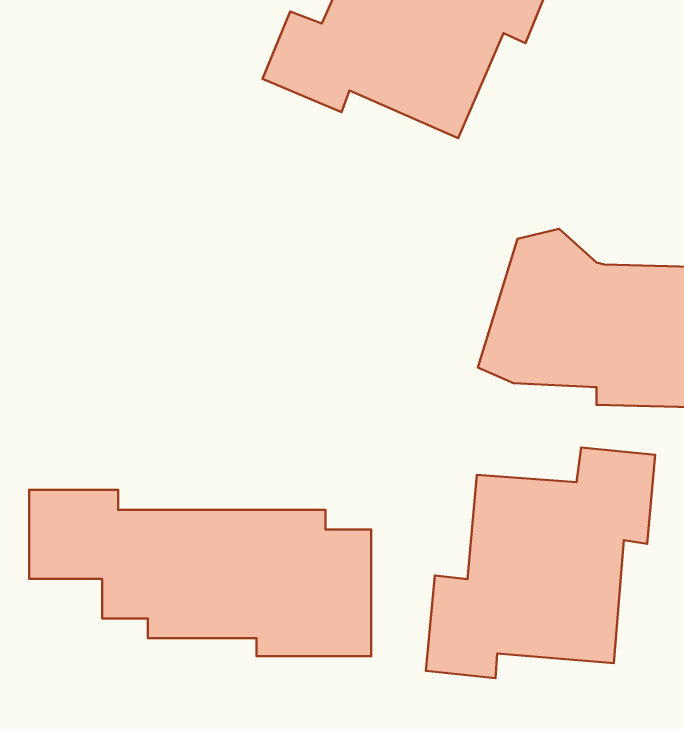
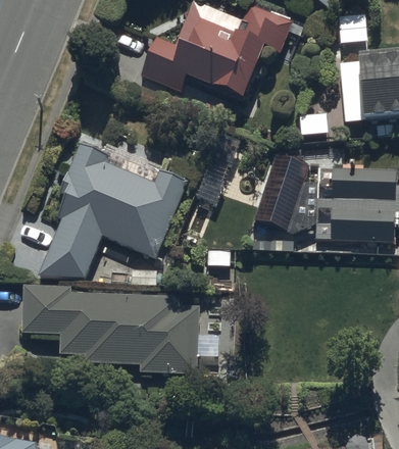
building: none -> [36,143,185,278]
building: [426,447,655,678] -> none

